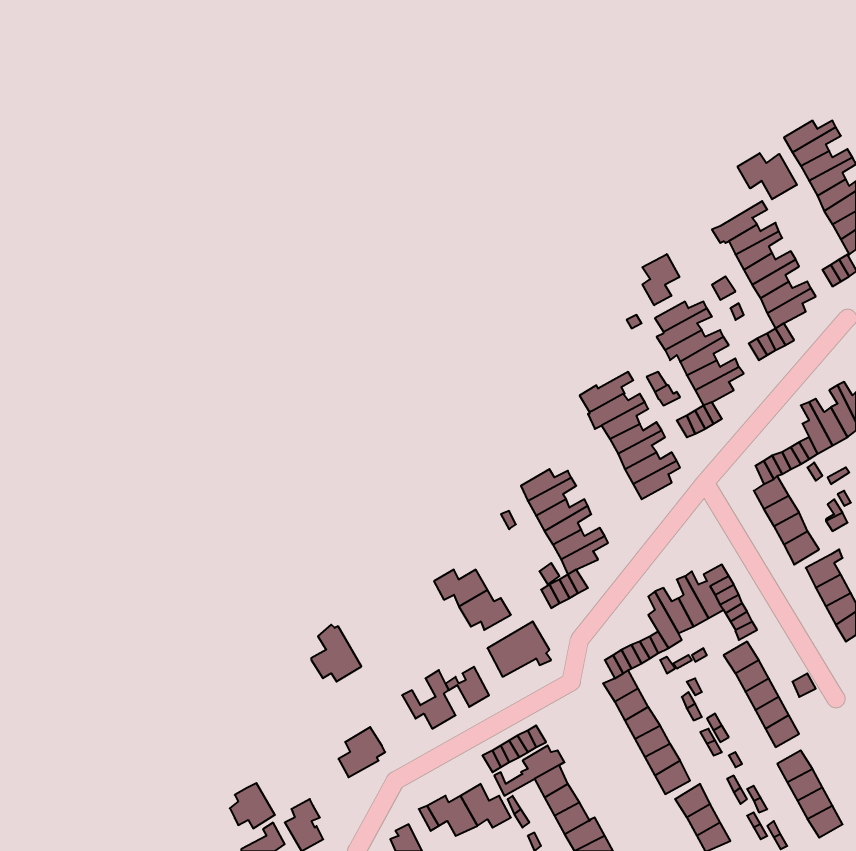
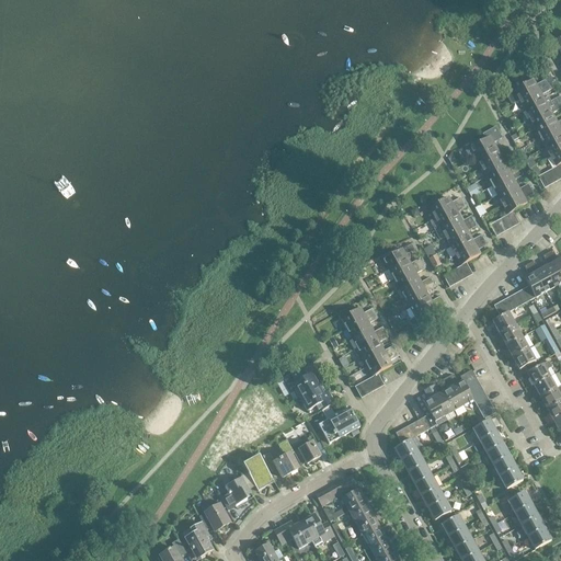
building: [738,153,797,199] -> none
building: [642,254,679,305] -> none
building: [311,625,361,682] -> [242,453,275,490]
building: [230,783,275,828] -> [199,500,229,529]

